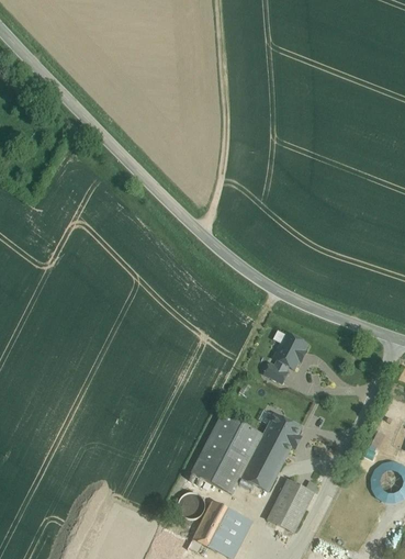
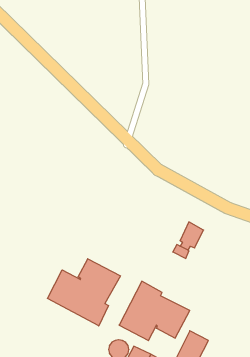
building: none -> [47,259,120,326]
building: [249,415,301,452] -> none

